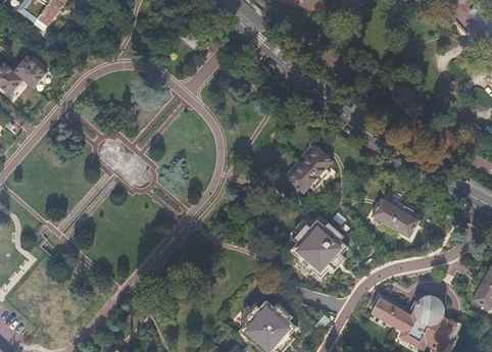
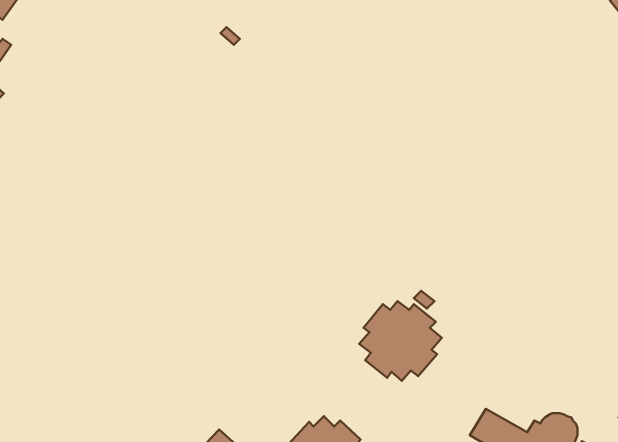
building: [286,147,331,194] -> none
building: [370,198,420,239] -> none

